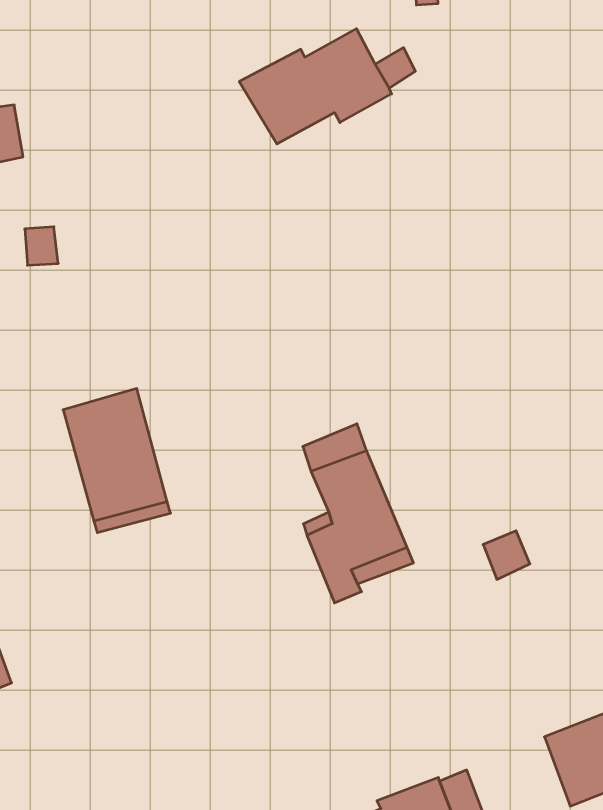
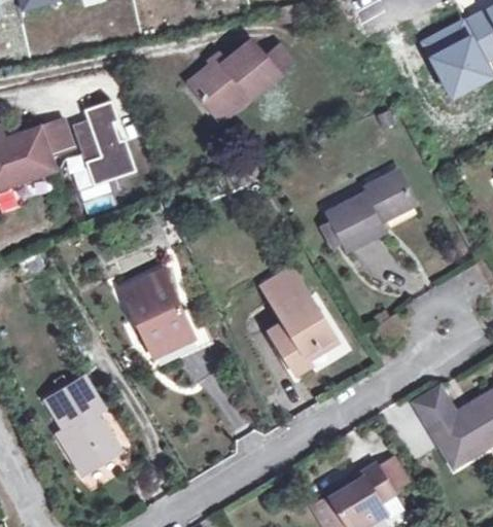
building: none -> [75,103,135,184]
building: none -> [328,172,413,249]
building: none -> [413,388,453,429]

